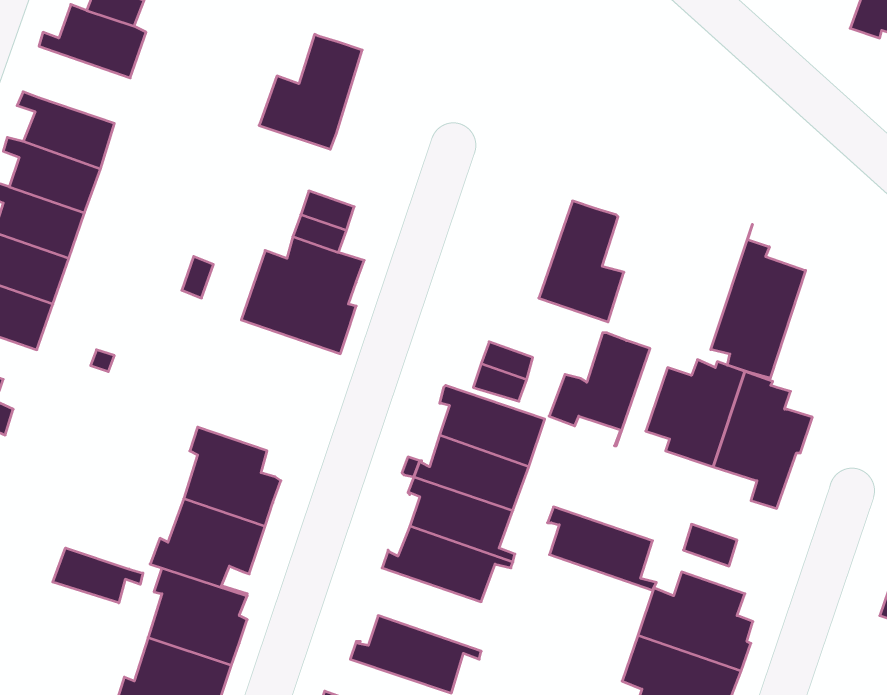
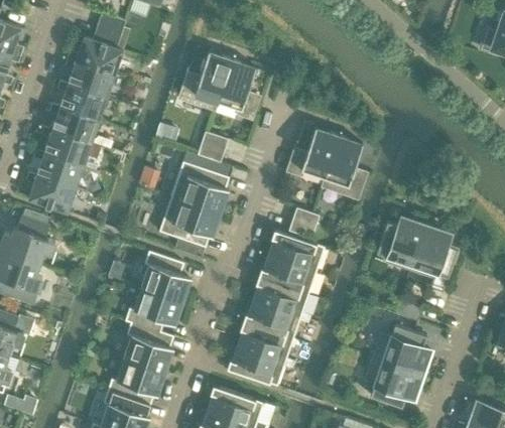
building: none -> [65,58,114,98]
building: none -> [219,60,258,119]
building: [711,224,806,378] -> none
building: none -> [158,197,221,256]
building: [549,333,650,446] -> [287,129,339,186]
building: [547,507,656,590] -> [239,323,294,366]
building: [53,548,143,603] -> none

